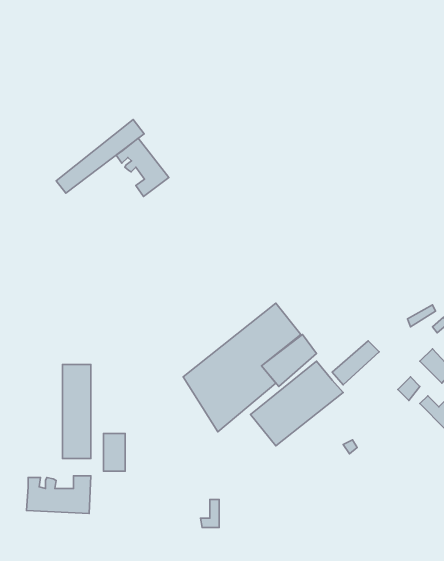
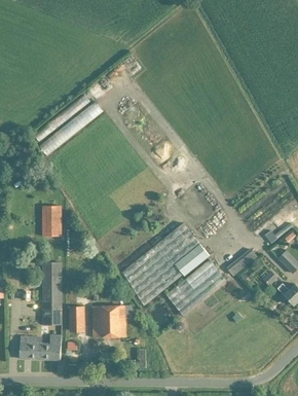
building: [116,138,169,197] -> none
building: none -> [42,206,62,236]
building: none -> [92,305,133,337]

